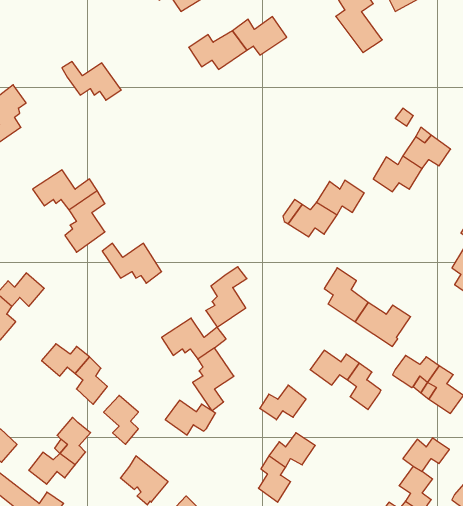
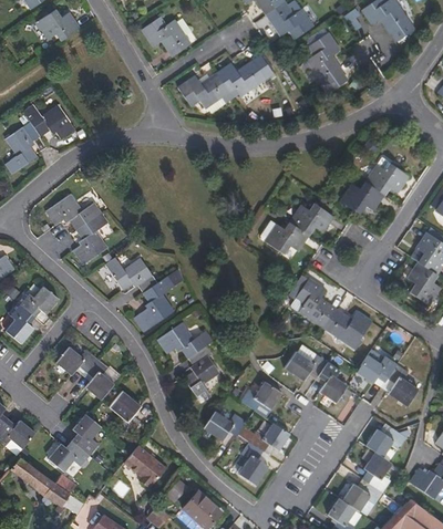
building: [62,62,121,100] -> [27,110,78,143]
building: [206,267,247,327] -> [141,277,176,329]
building: [165,400,216,435] -> [205,409,248,439]

